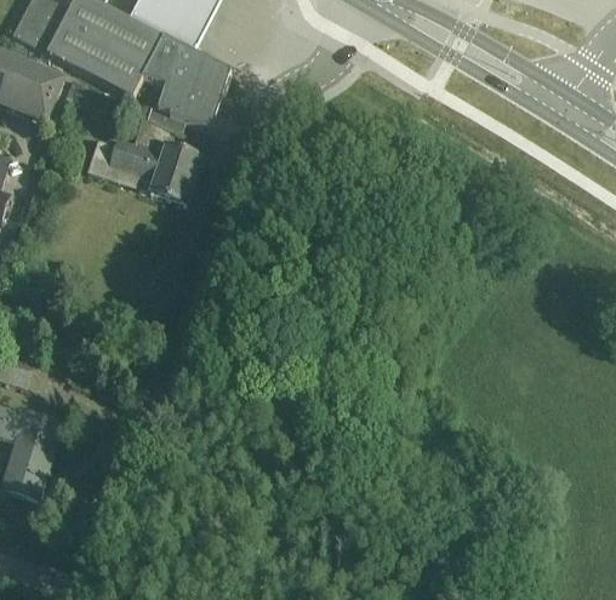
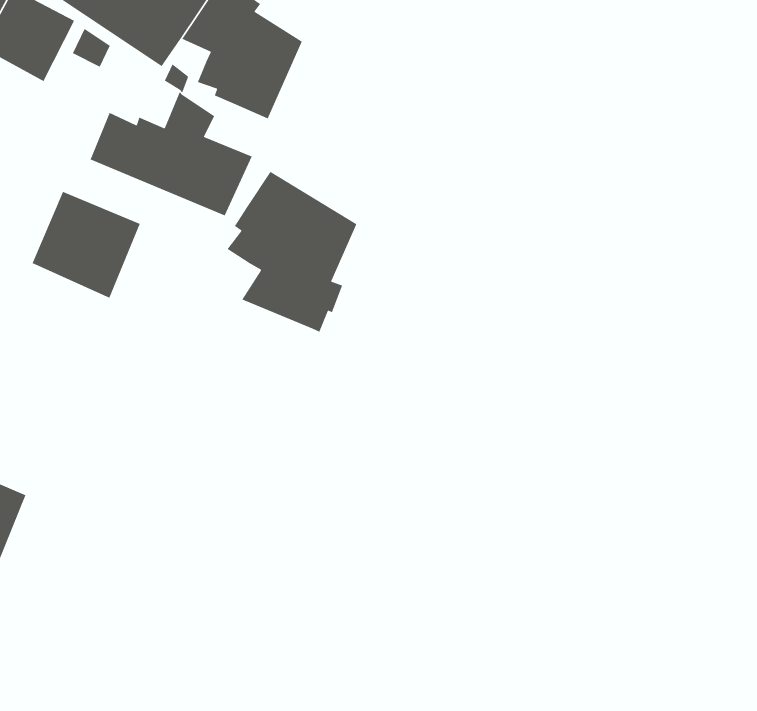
building: none -> [227,171,357,333]
building: none -> [31,191,141,299]

